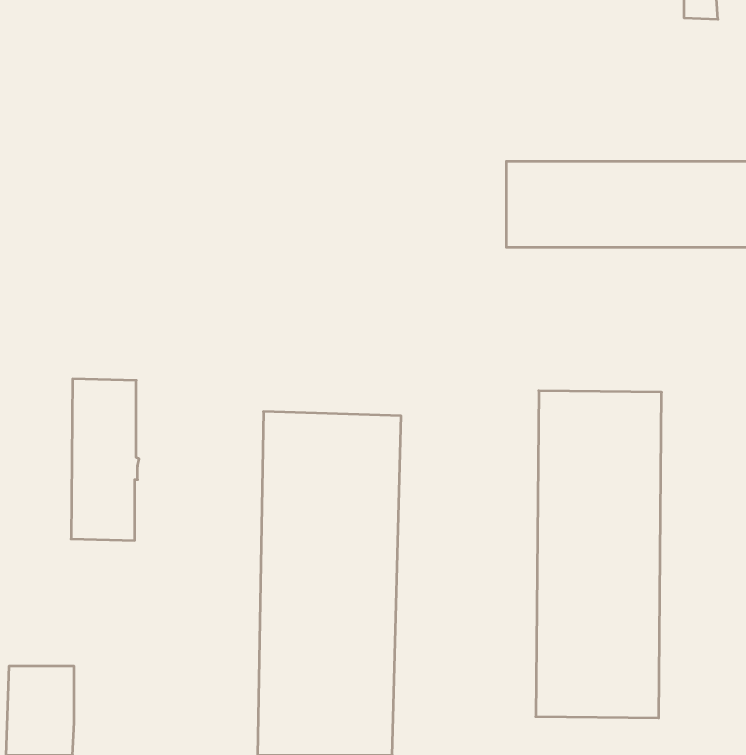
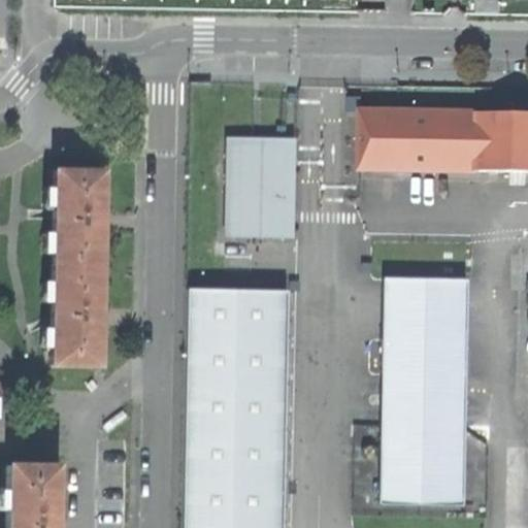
building: none -> [225,135,296,237]
building: none -> [58,168,105,265]

